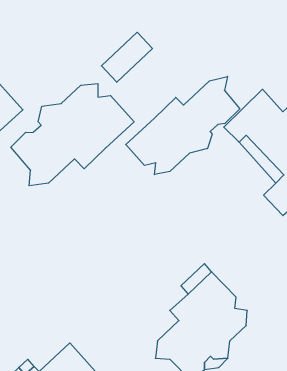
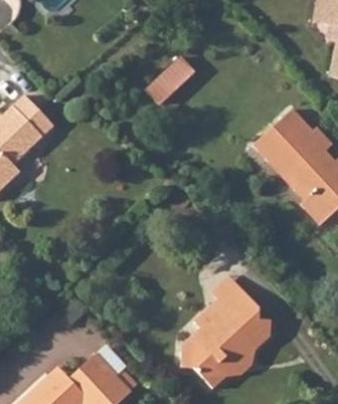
building: [126,76,240,175] -> none
building: [11,84,134,186] -> none

